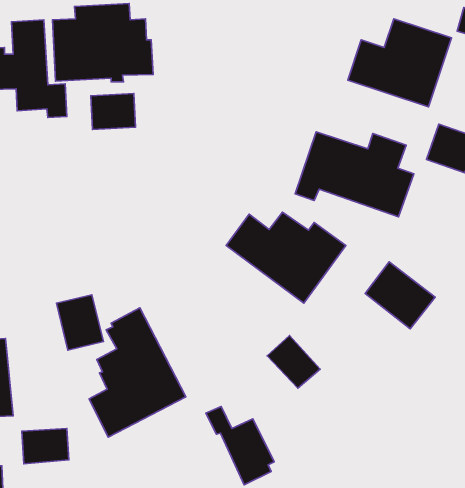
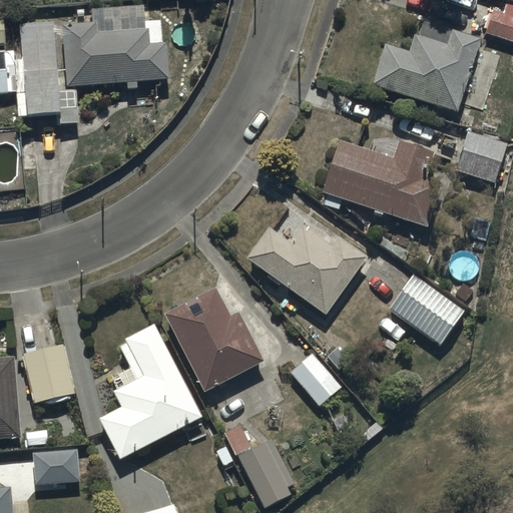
building: [91,94,135,129] -> none
building: none -> [163,287,263,391]
building: [56,295,103,350] -> [25,346,74,404]

